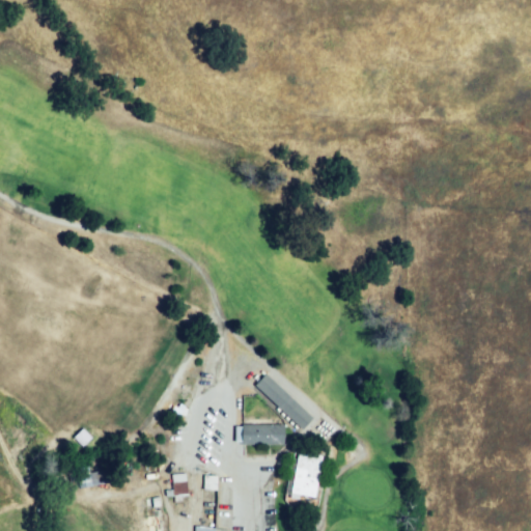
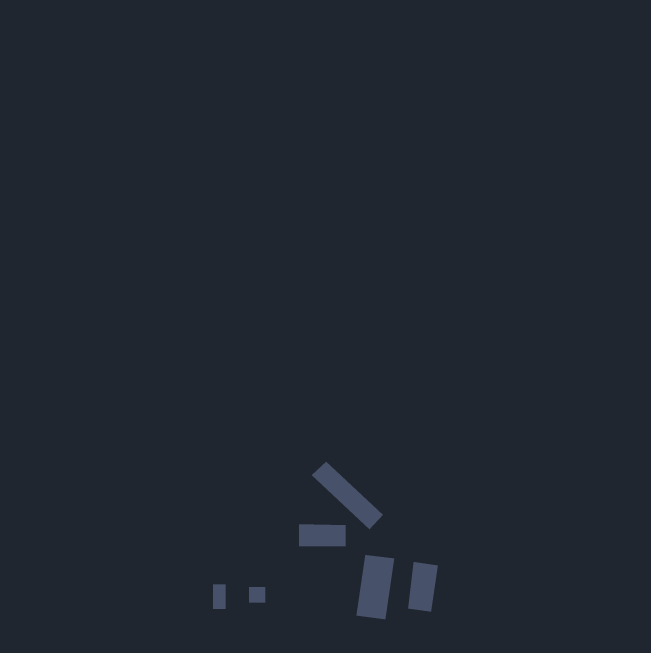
building: none -> [407,561,438,613]

